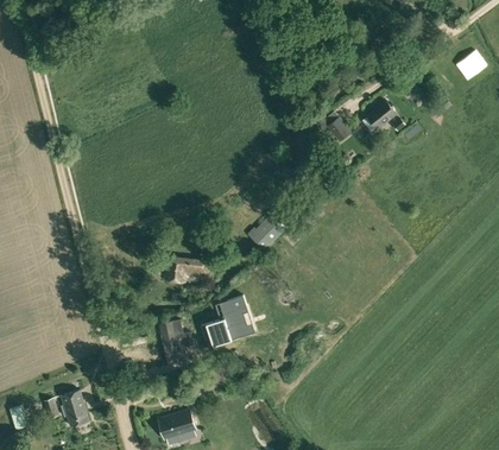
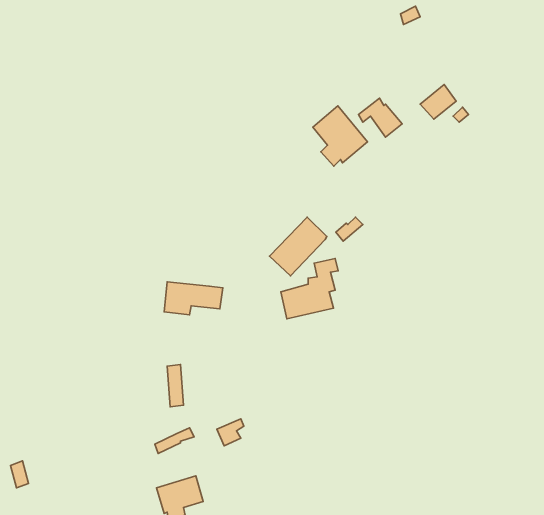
building: none -> [313,106,367,166]
building: [200,296,245,343] -> [281,259,338,319]
building: [61,389,88,426] -> none

